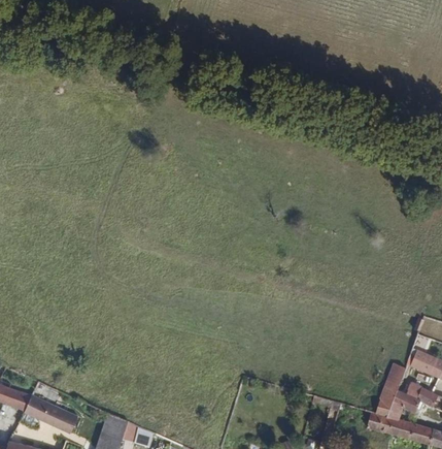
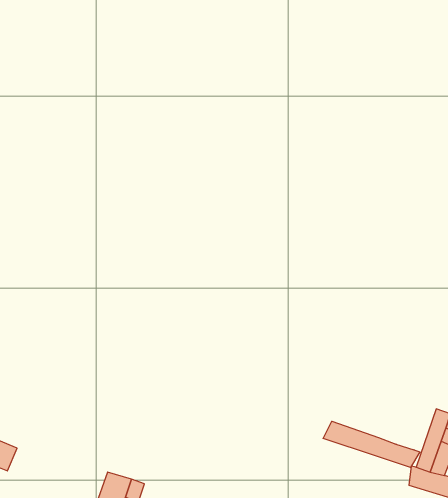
building: none -> [323,421,420,467]
building: [20,394,79,432] -> none

